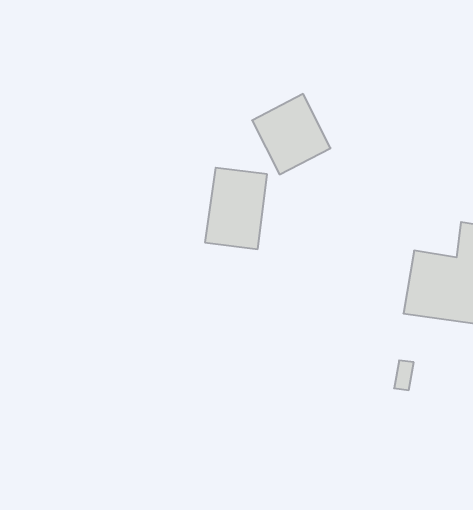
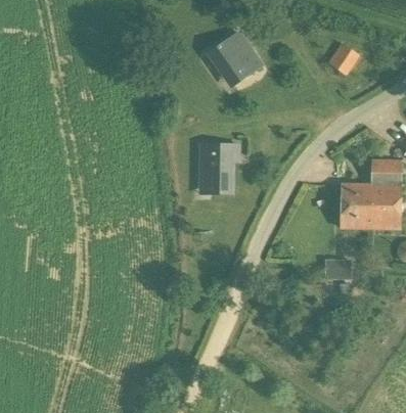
building: none -> [328,43,360,76]
building: [252,94,331,174] -> [207,31,263,88]

